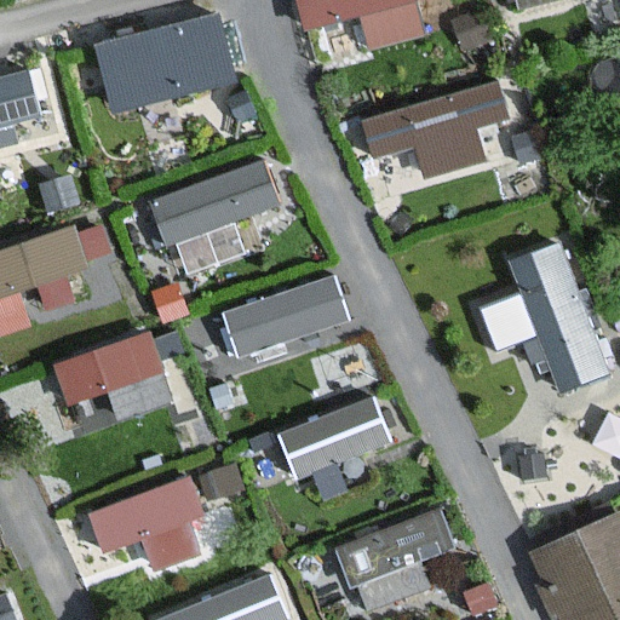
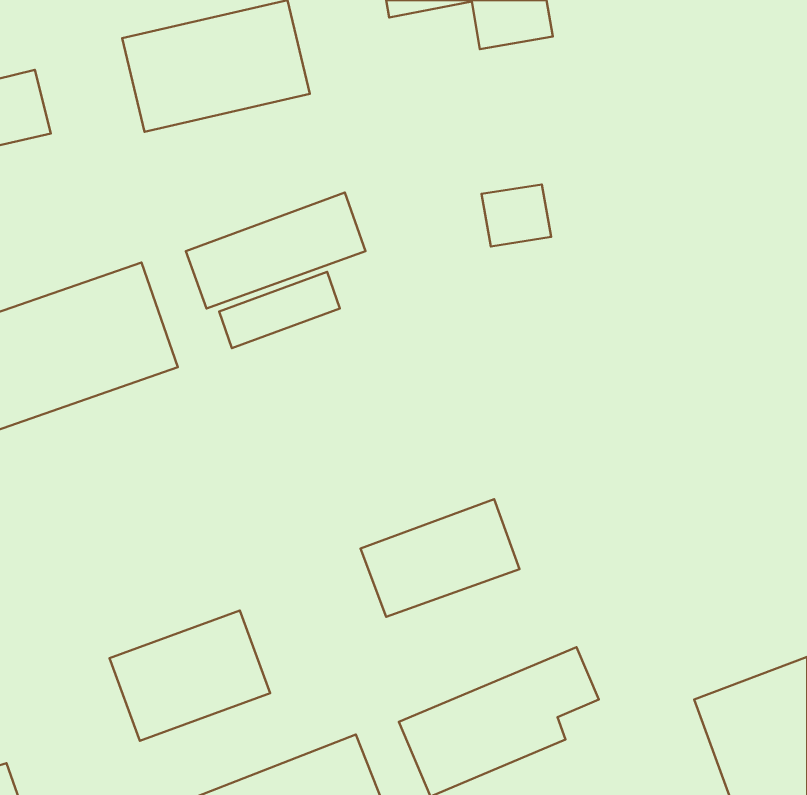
building: [352,87,510,180] -> none
building: [481,240,609,390] -> none
building: [225,274,351,358] -> none
building: [64,341,167,424] -> none

